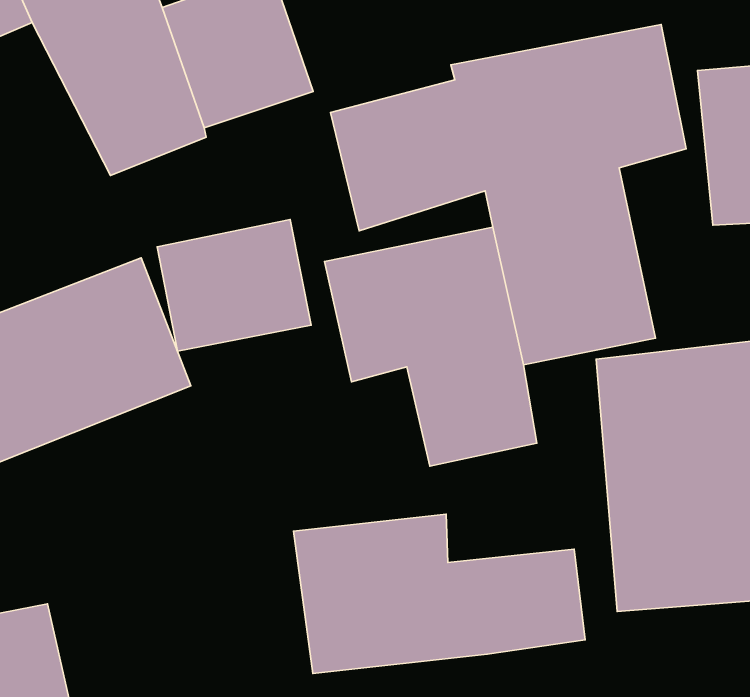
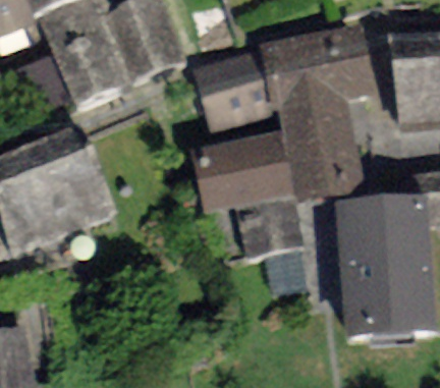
building: [157,219,311,351] -> none
building: [293,514,585,673] -> none

